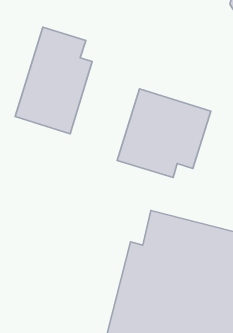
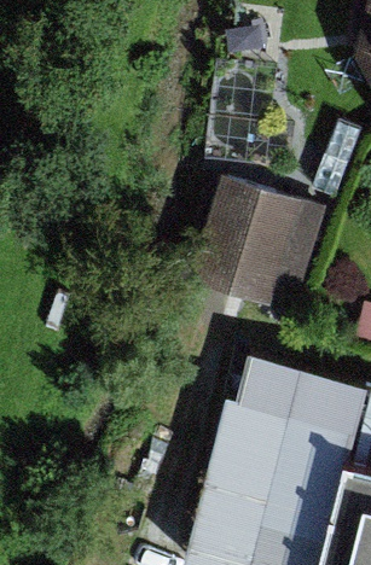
building: [15,27,92,134] -> none

